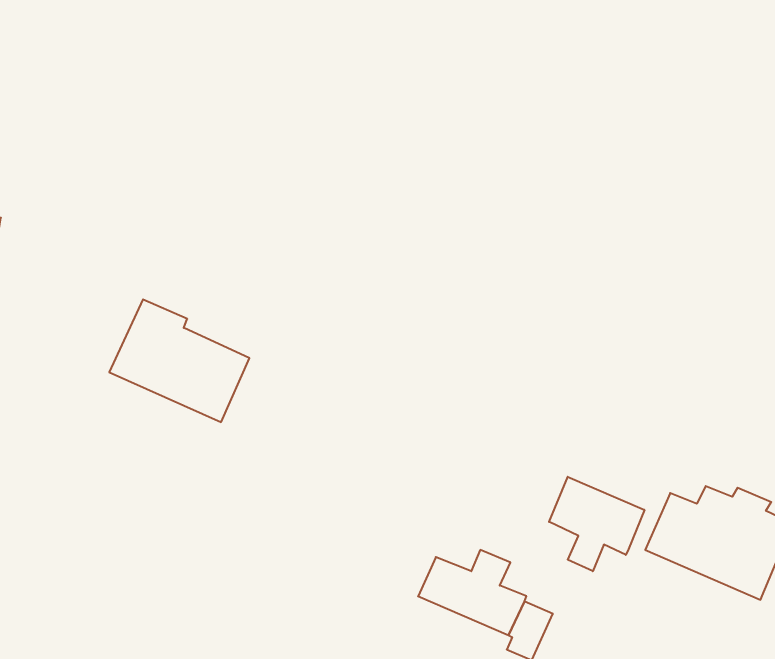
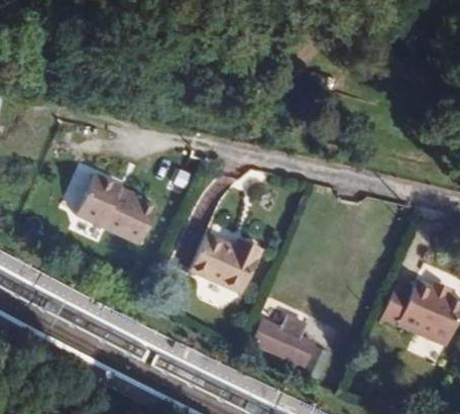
building: none -> [190,234,261,292]
building: [549,477,644,571] -> none

